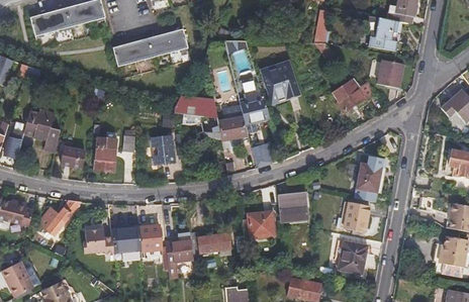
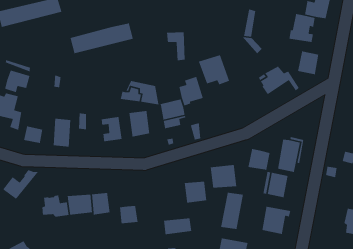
building: none -> [4,69,30,93]
building: none -> [128,110,150,137]
building: none -> [248,148,271,171]
building: none -> [220,192,244,230]
building: [197,233,230,254] -> [163,218,192,235]

